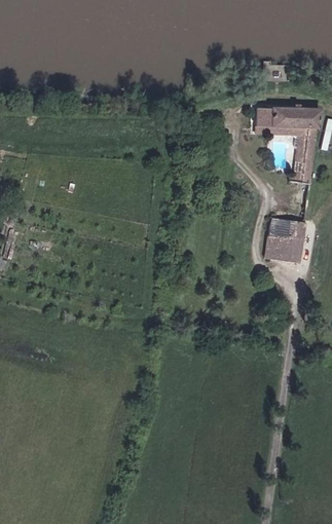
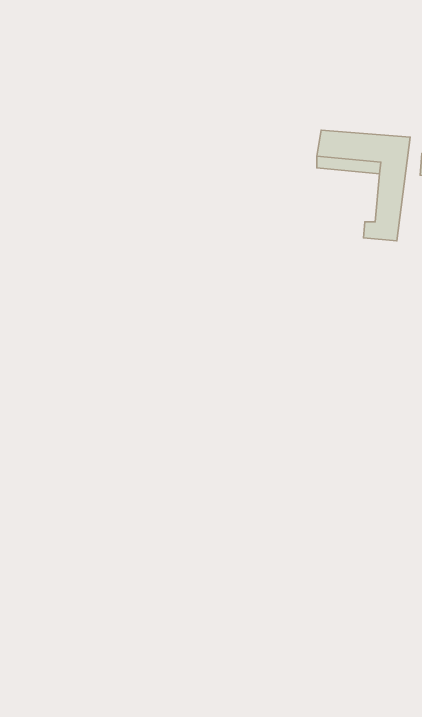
building: [267,216,305,262] -> none

